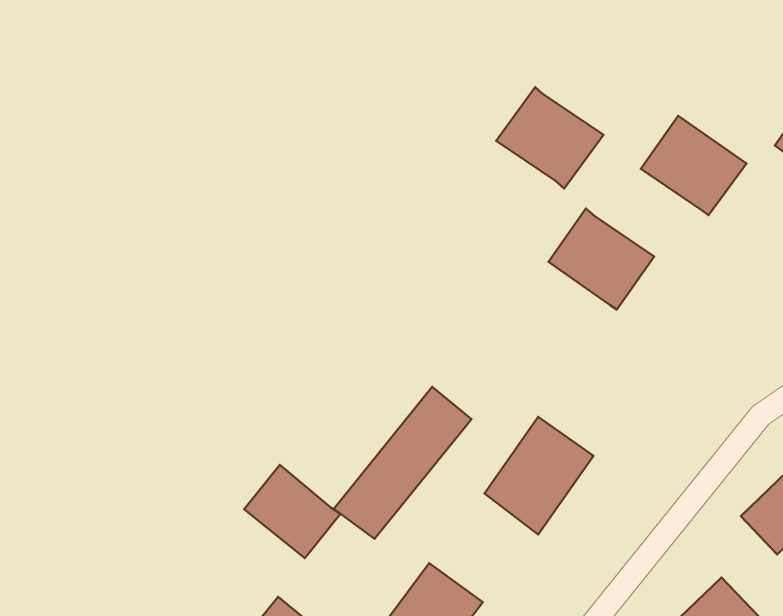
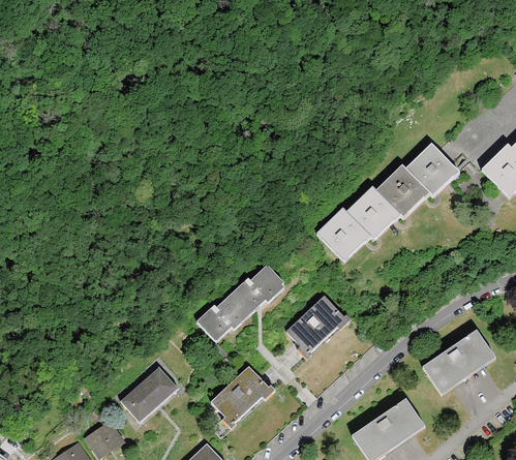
building: [496,87,604,189] -> [371,162,431,221]
building: none -> [312,205,371,264]
building: [244,465,341,558] -> none

